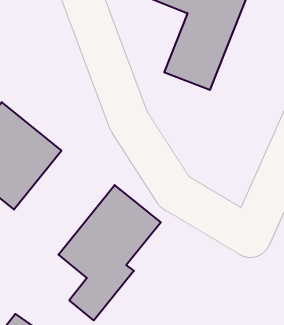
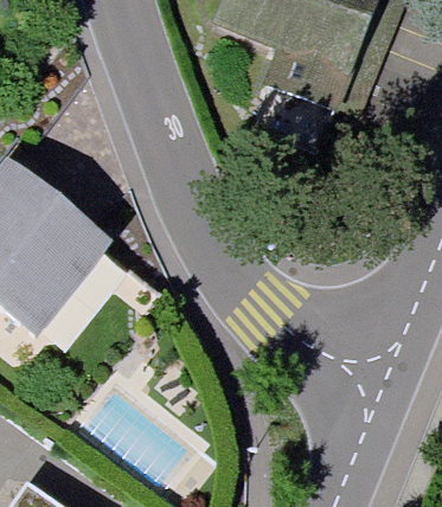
building: [58,185,161,320] -> none

